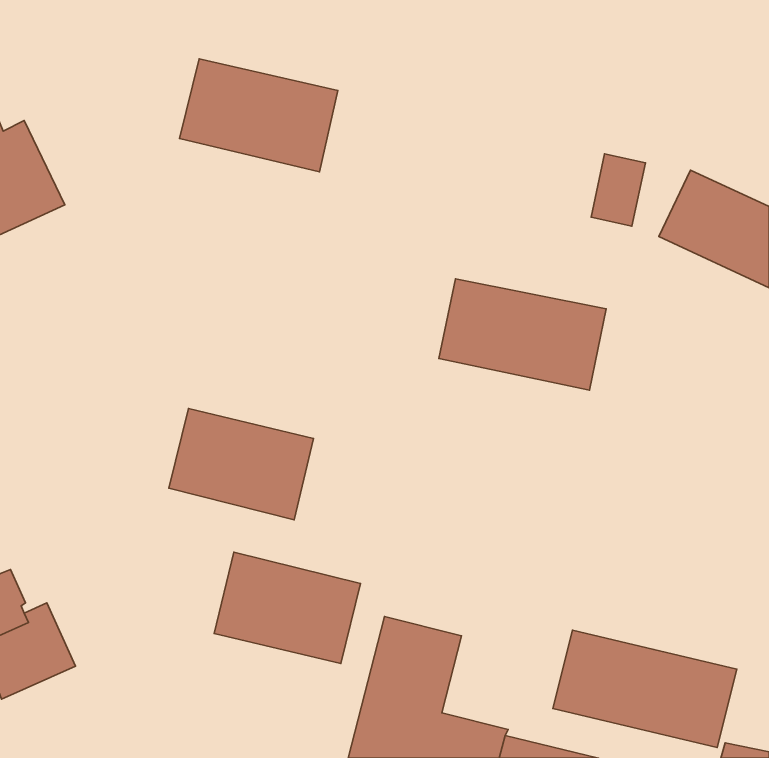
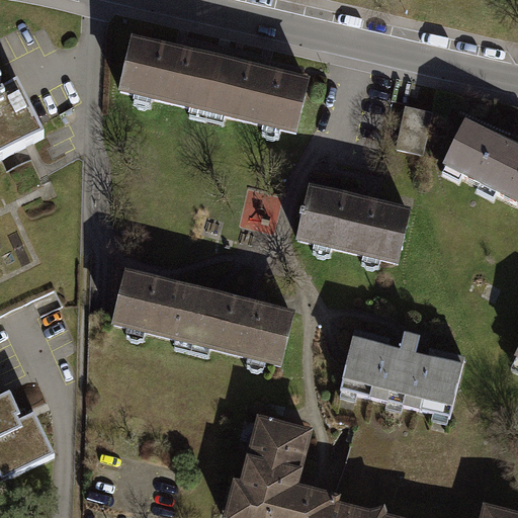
building: none -> [214,61,312,134]
building: [214,552,361,664] -> [197,294,295,369]
building: [553,630,737,748] -> [340,329,463,408]

